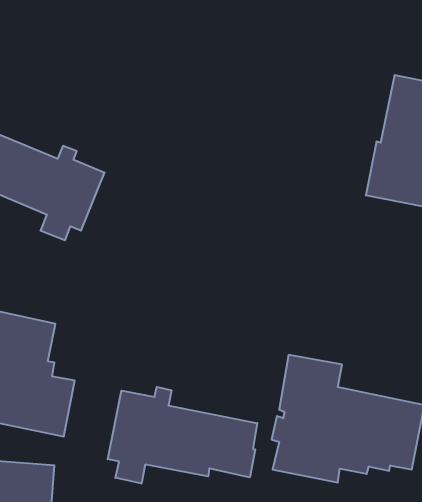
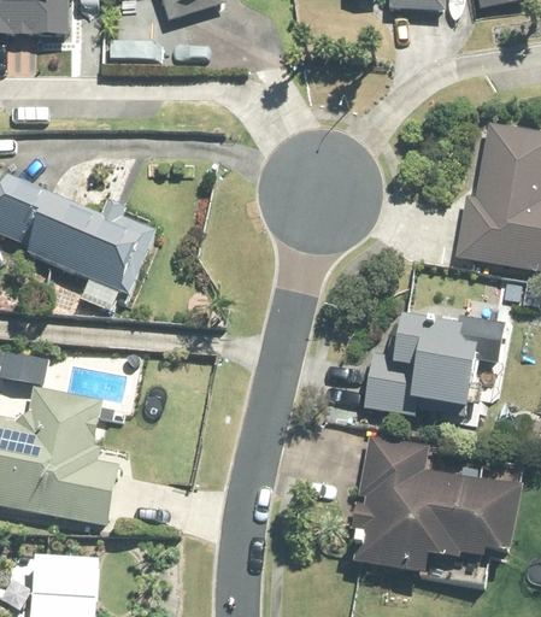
building: none -> [360,321,475,416]
building: [108,387,257,484] -> none

